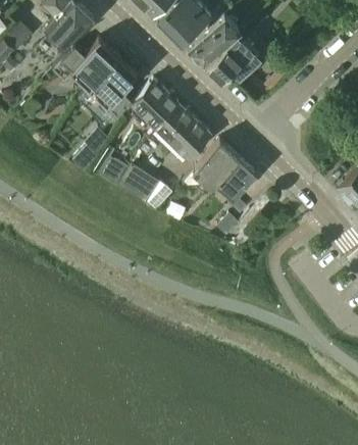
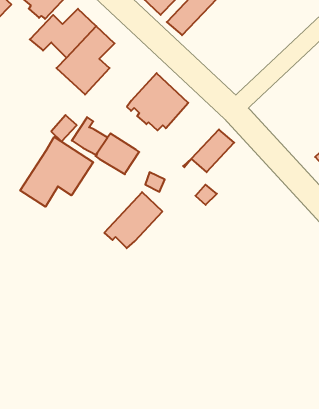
building: [208,37,263,84] -> none
building: [129,80,180,137] -> none
building: [184,140,242,196] -> [104,192,162,248]
building: none -> [20,137,93,207]

